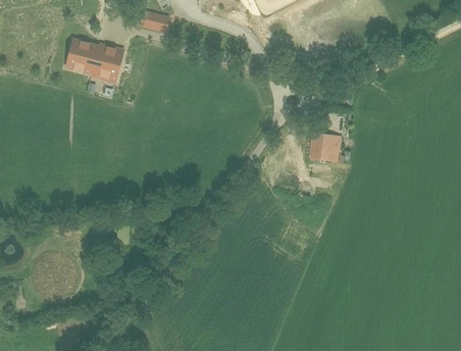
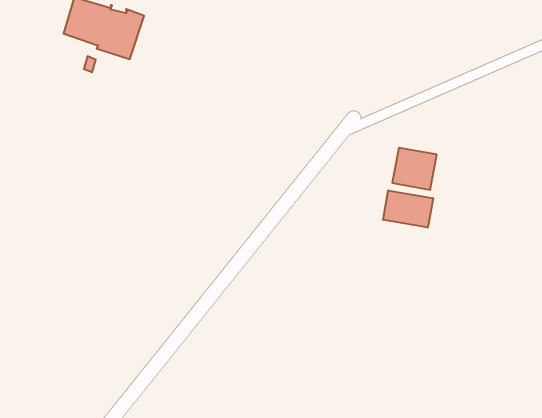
building: none -> [383,190,433,228]

